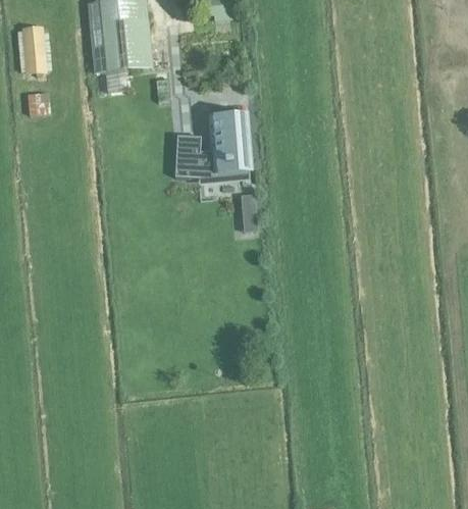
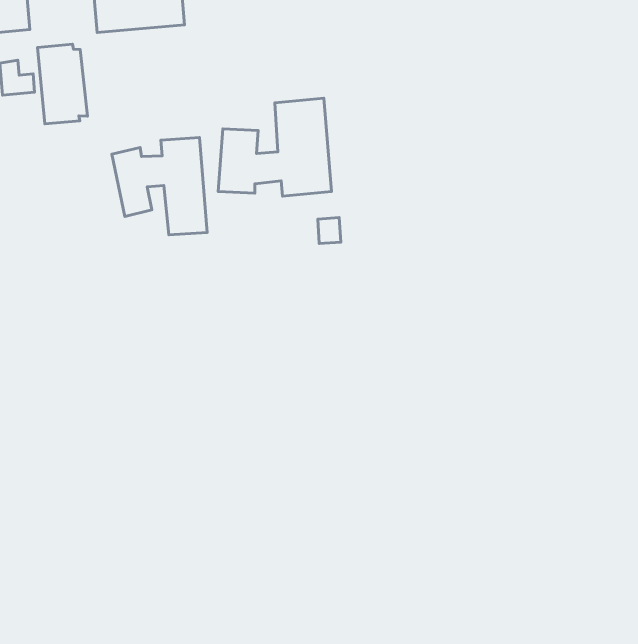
building: none -> [38,44,87,124]
building: none -> [112,138,207,235]

